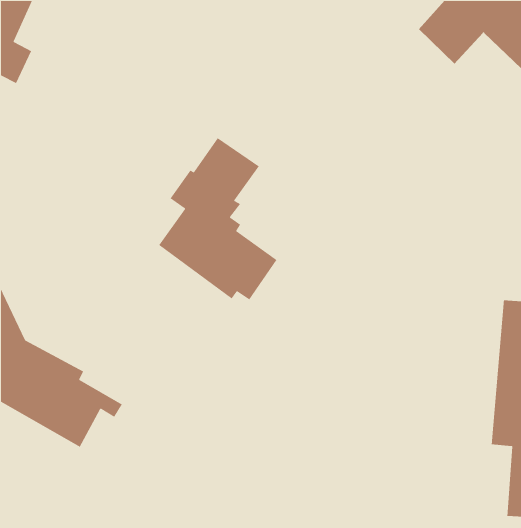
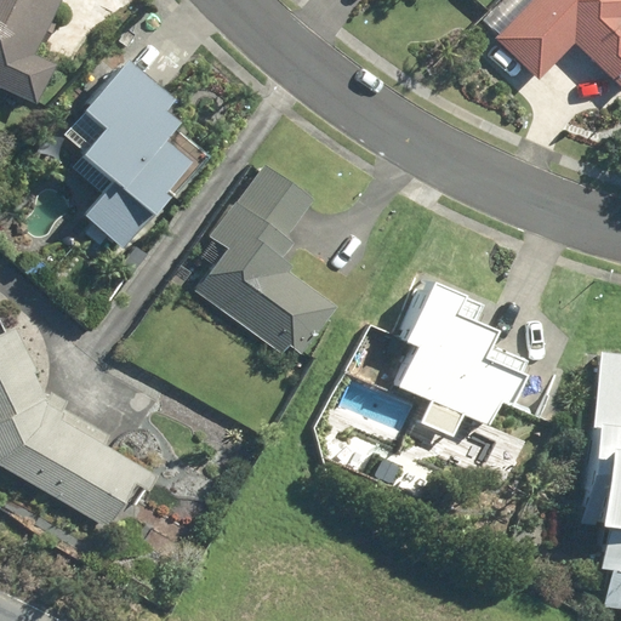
building: none -> [75,57,207,247]
building: none -> [395,280,523,427]

